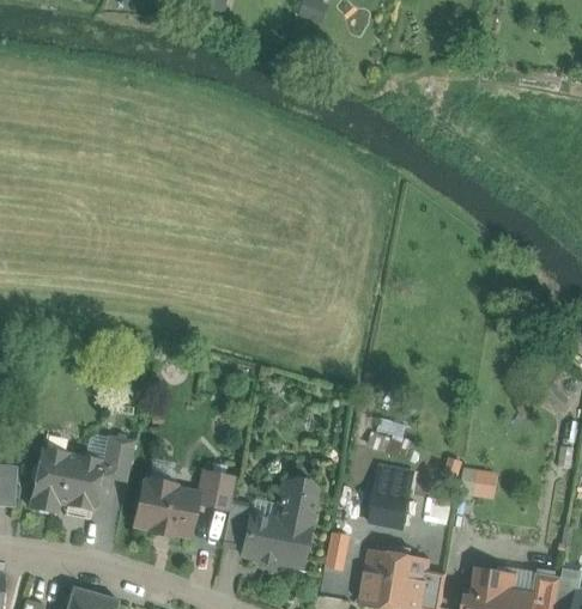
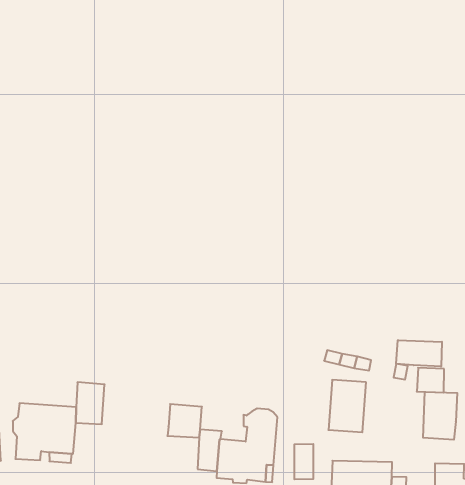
building: none -> [396,340,442,367]
building: [134,480,198,535] -> none
building: none -> [423,392,457,440]

